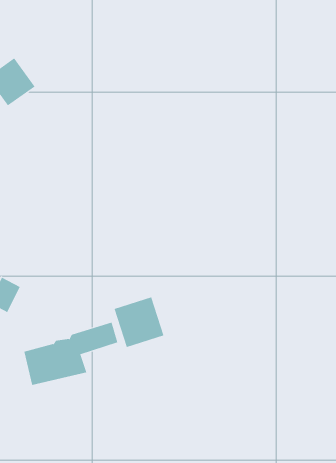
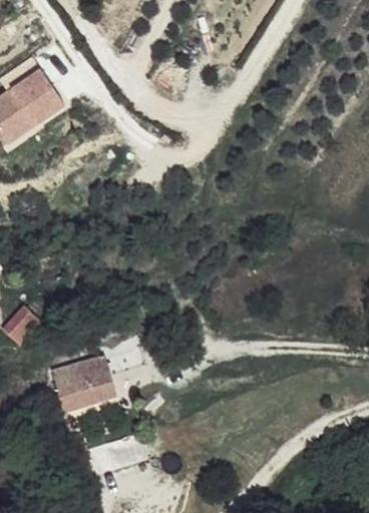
building: [114,296,164,348] -> none

